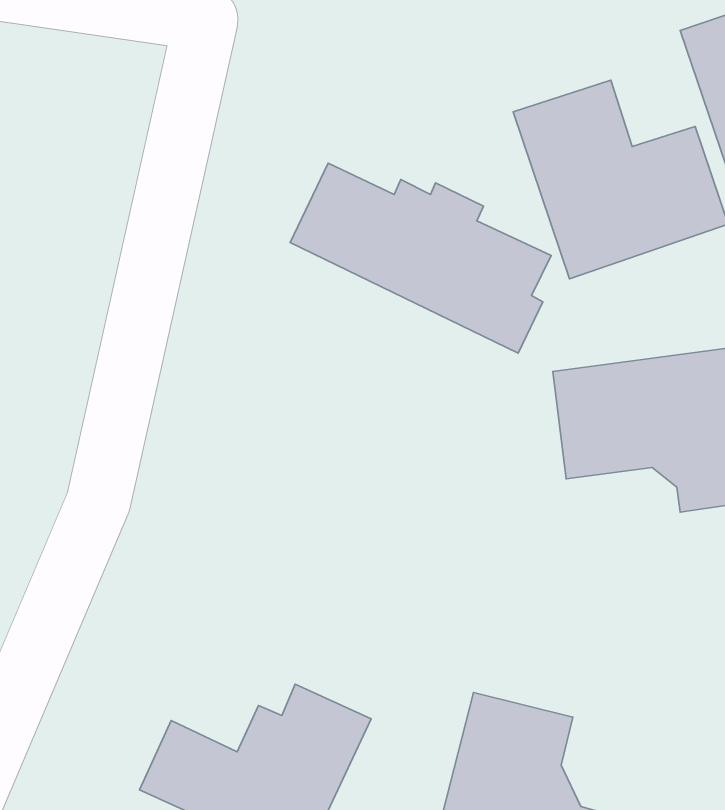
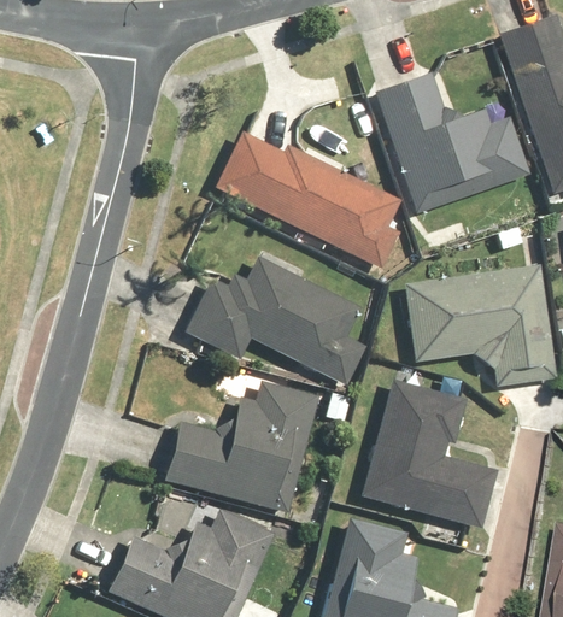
building: none -> [187,257,370,386]
building: none -> [165,380,318,512]
building: none -> [362,381,497,530]

